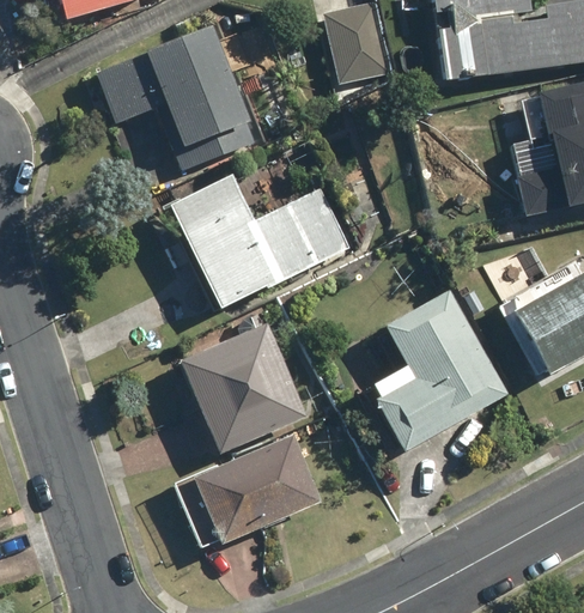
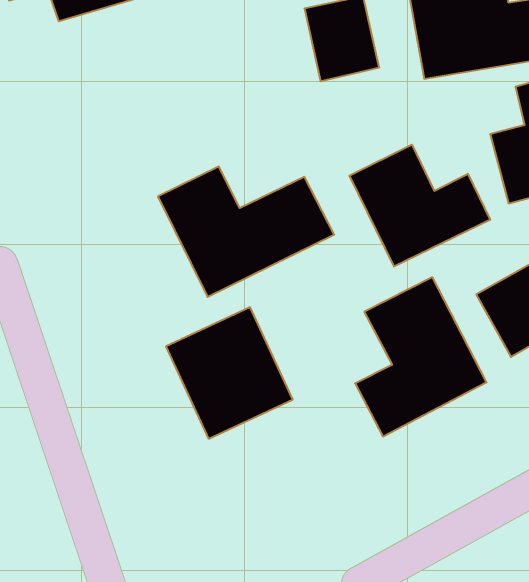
building: [101,25,263,165] -> none
building: none -> [349,145,490,267]
building: [187,429,326,547] -> none

